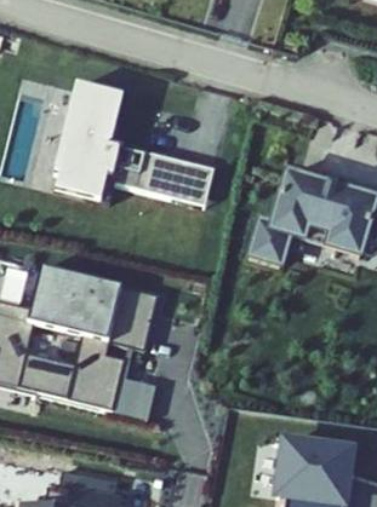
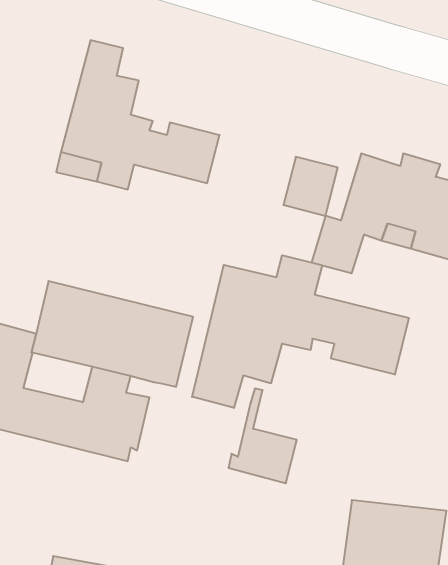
building: [167,156,210,202] -> [283,157,338,216]
building: none -> [192,255,409,408]
building: [105,348,159,422] -> [228,389,297,483]

